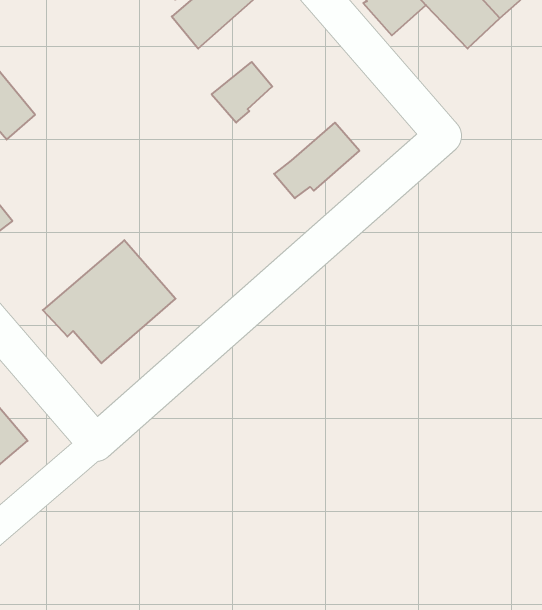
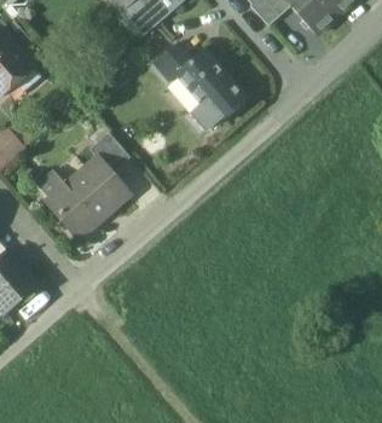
building: none -> [176,50,232,106]
building: none -> [89,133,131,174]

